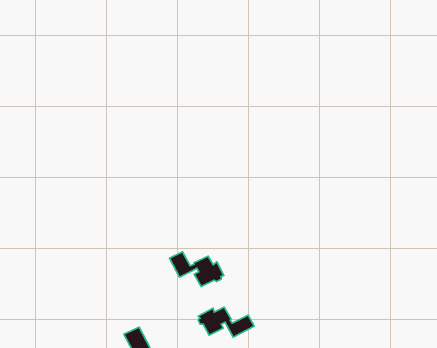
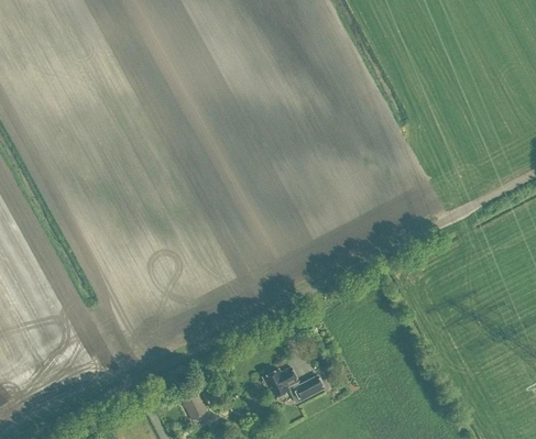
building: [170,252,224,287] -> none

